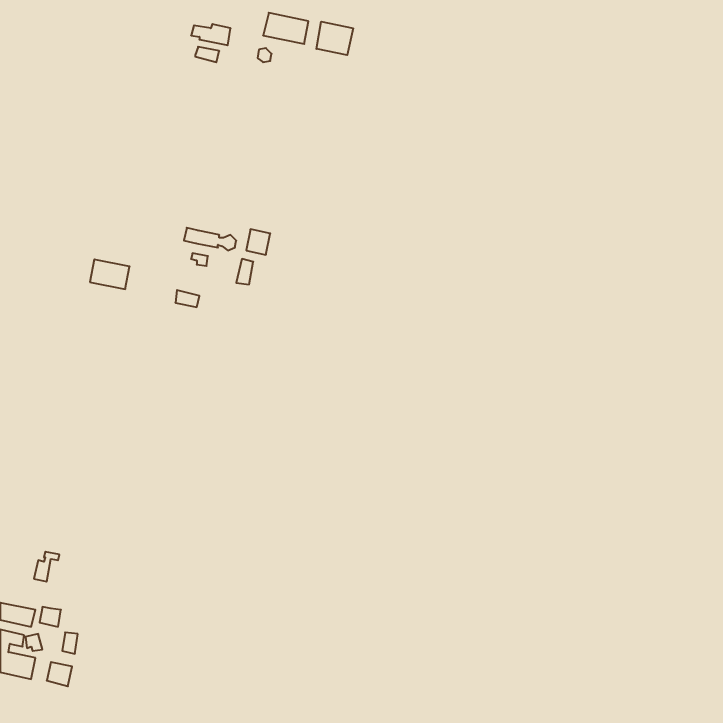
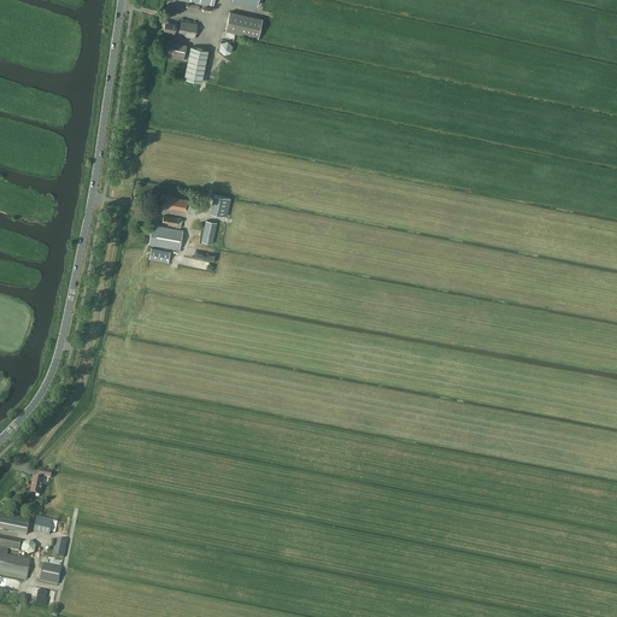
building: [316,22,353,55] -> none
building: none -> [183,46,207,82]
building: [90,259,130,289] -> [148,224,182,249]

